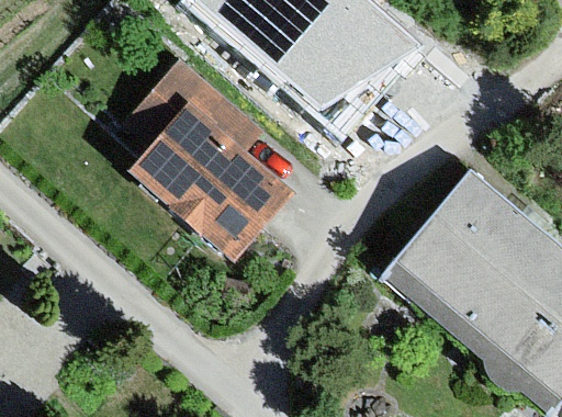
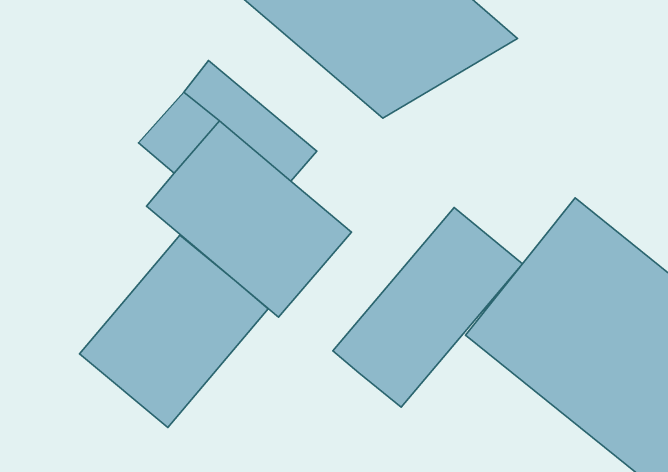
building: none -> [333,207,522,407]
building: none -> [79,235,268,428]

